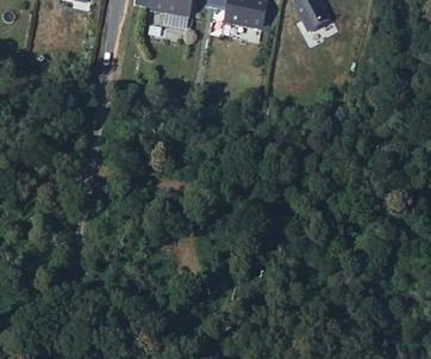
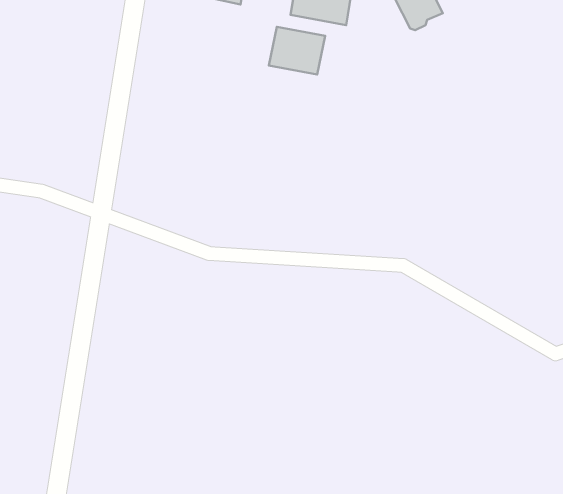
building: none -> [269,27,325,74]

